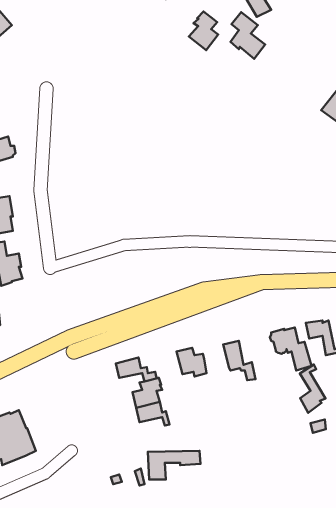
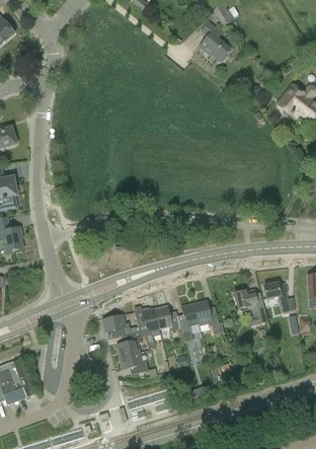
building: [189,11,218,50] -> none
building: none -> [177,303,199,342]
building: none -> [136,309,160,338]
building: [300,364,325,413] -> none

